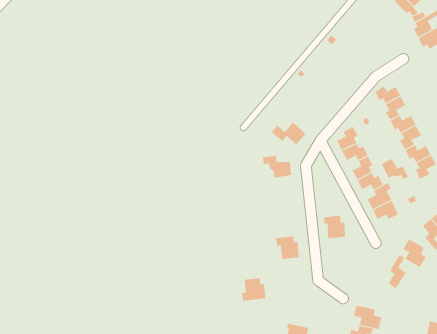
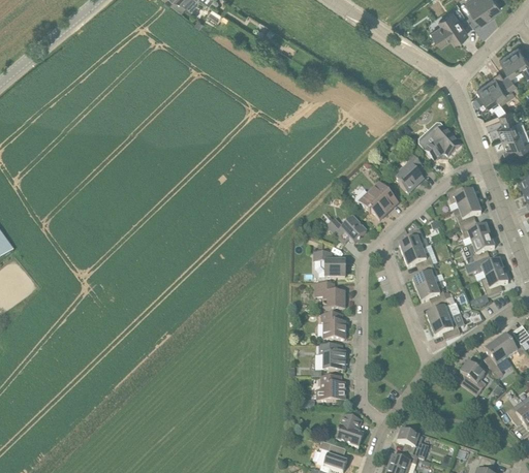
building: none -> [425,125,460,159]
building: none -> [395,152,424,191]
building: none -> [360,181,397,217]
building: [381,158,409,180] -> none
building: none -> [315,281,345,307]
building: [323,215,346,239] -> [321,312,345,337]
building: [388,255,406,289] -> none
building: [242,278,266,301] -> [317,374,344,398]
building: none -> [336,413,364,445]

